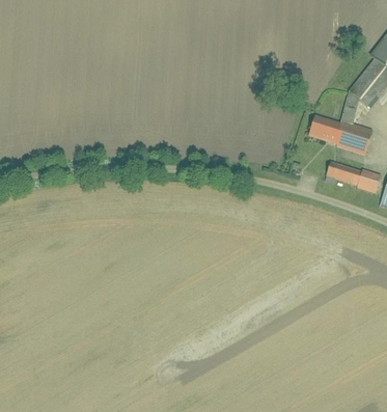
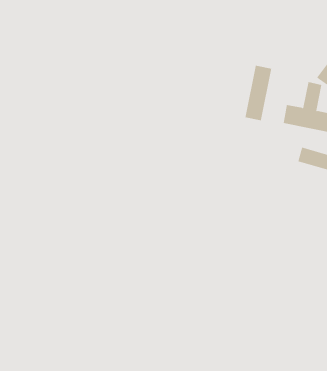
building: none -> [245,65,272,121]

